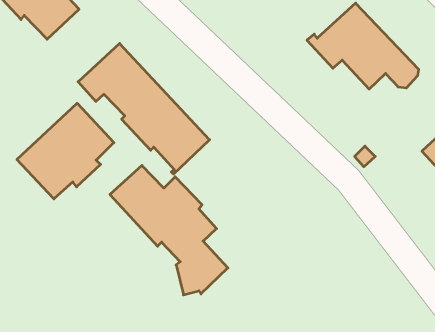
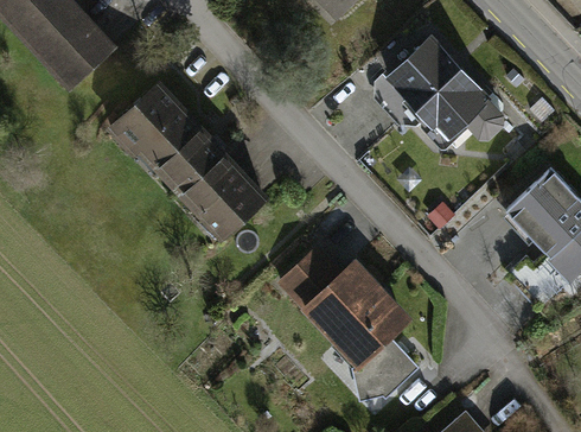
building: [17,103,114,199] -> none
building: [110,165,228,295] -> [281,250,416,399]

